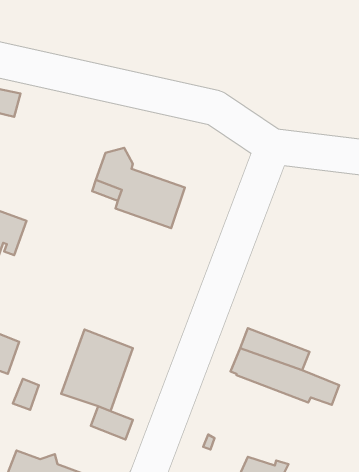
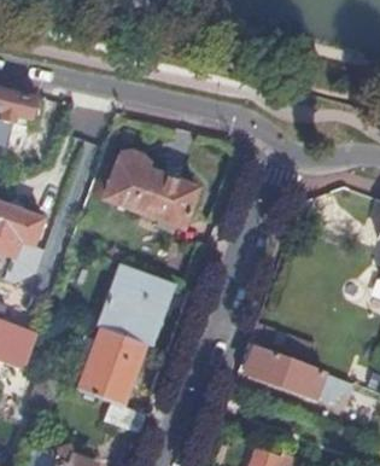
building: none -> [99,264,170,344]

